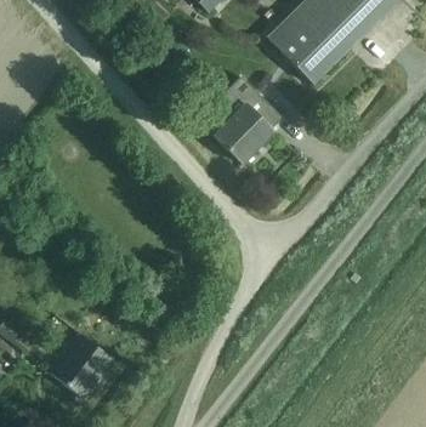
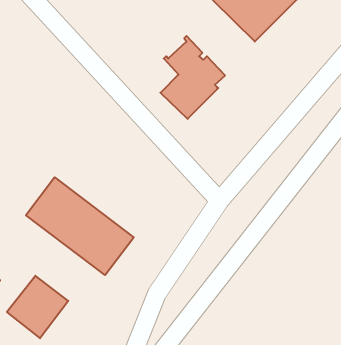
building: none -> [26,177,134,275]

